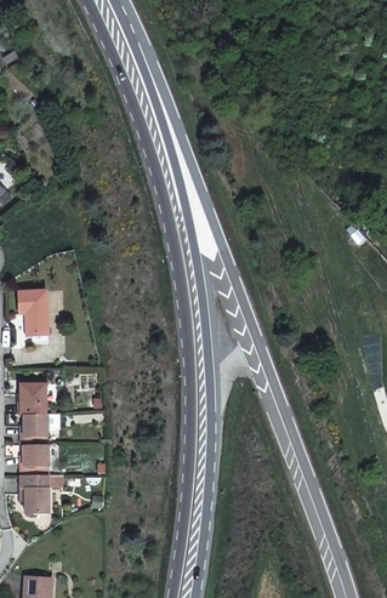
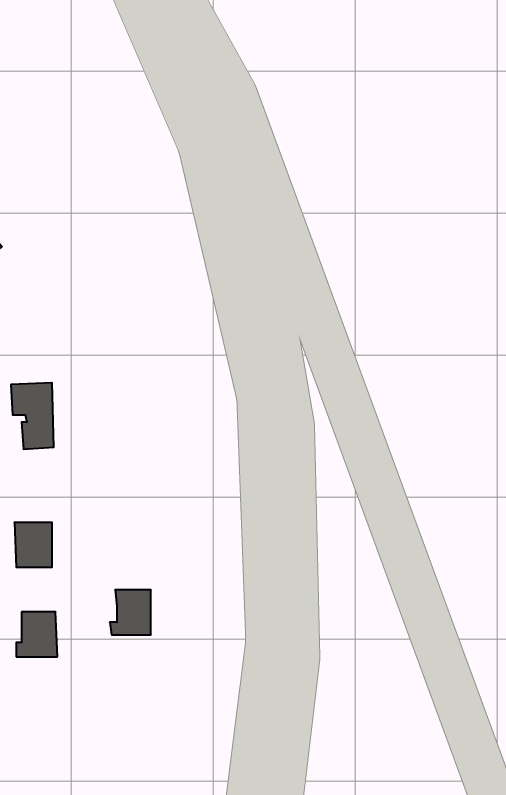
building: [19,414,47,444] -> [110,590,151,635]
building: [21,474,49,513] -> none

